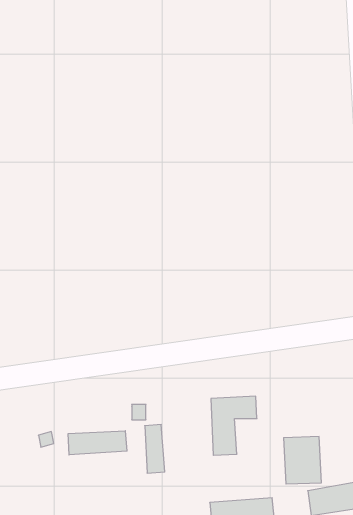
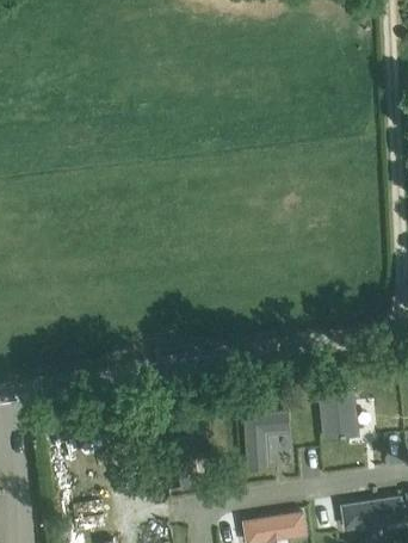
building: [68,431,127,455] -> none
building: [284,437,321,484] -> [320,391,358,439]

